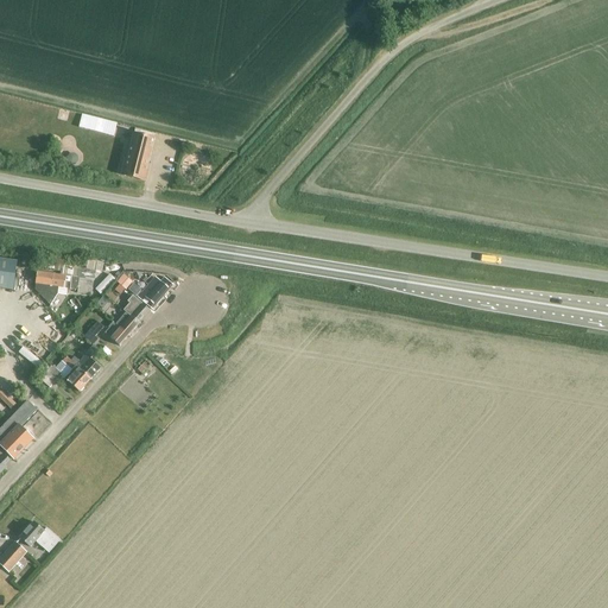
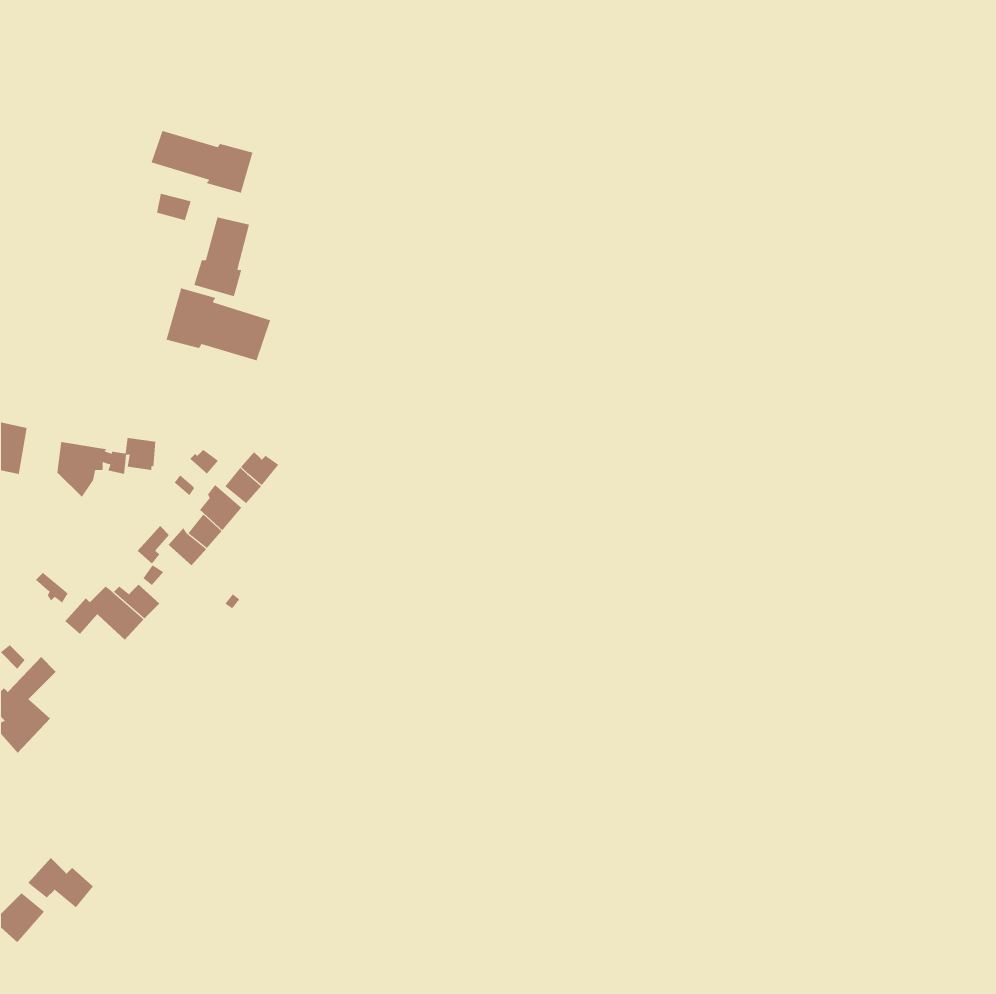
building: none -> [151,130,253,194]
building: none -> [166,287,271,361]

